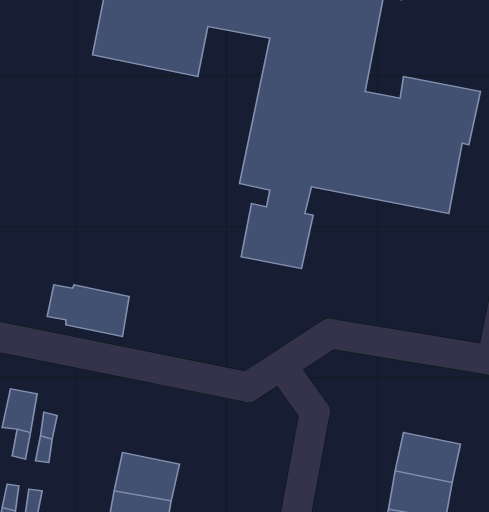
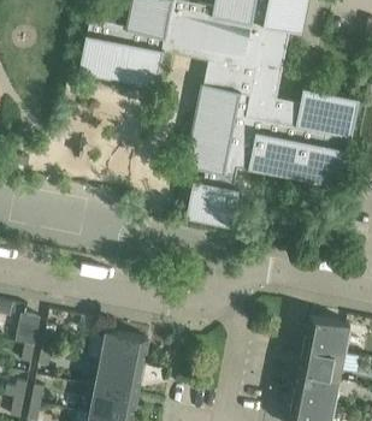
building: [47,285,129,337] -> [88,331,147,368]
building: none -> [303,318,350,354]

